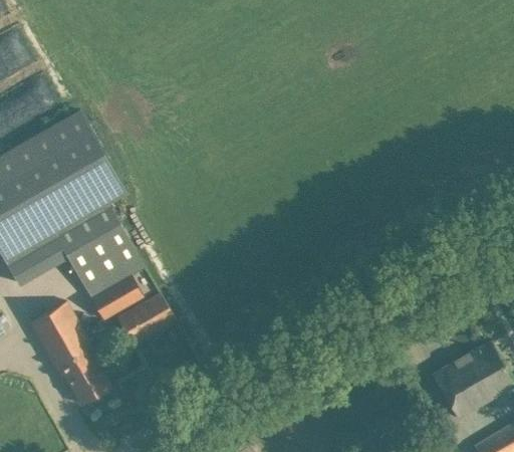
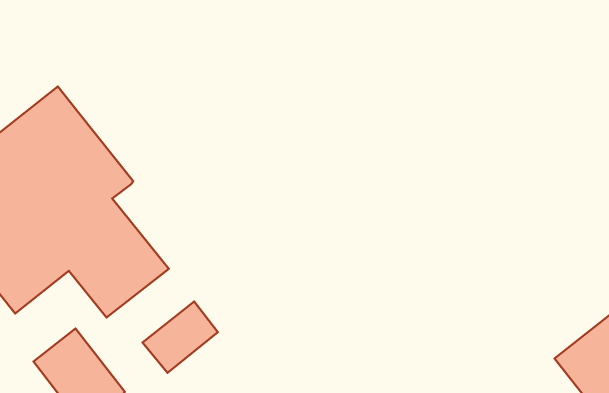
building: [90,274,143,320] -> none

